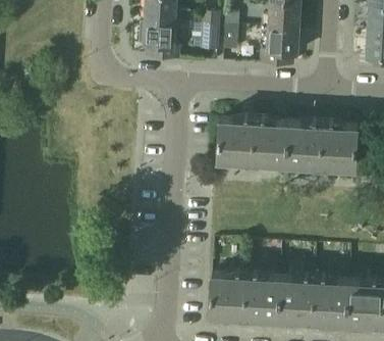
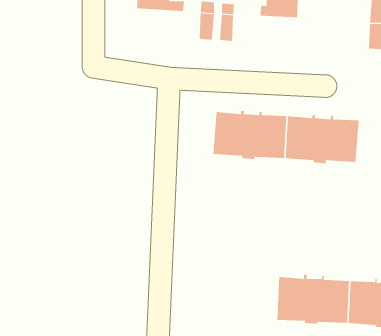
building: [139,19,189,58] -> none
building: [260,27,298,65] -> none
building: [210,271,280,319] -> none

